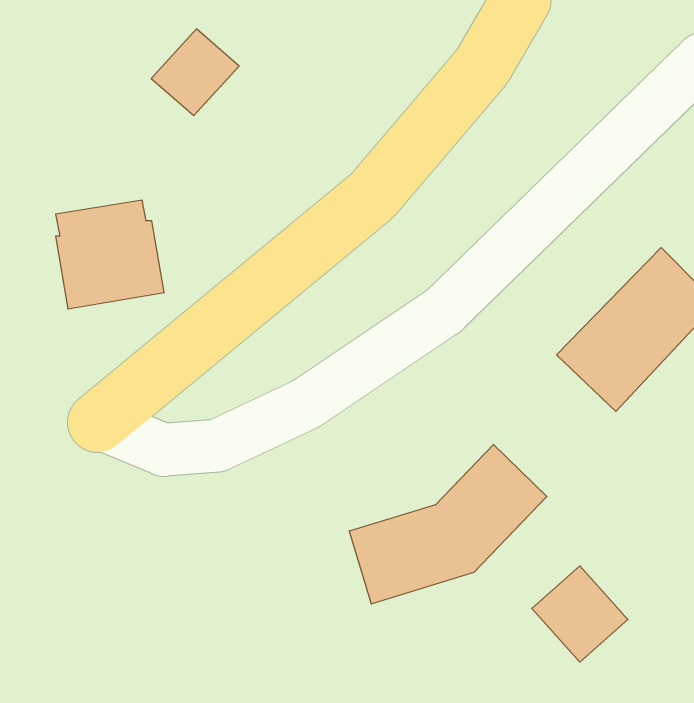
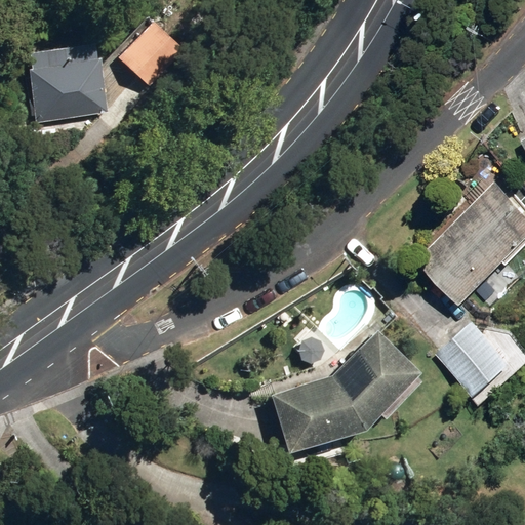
building: [56,200,164,309] -> [28,43,109,124]
building: [532,566,628,662] -> [438,324,510,396]

